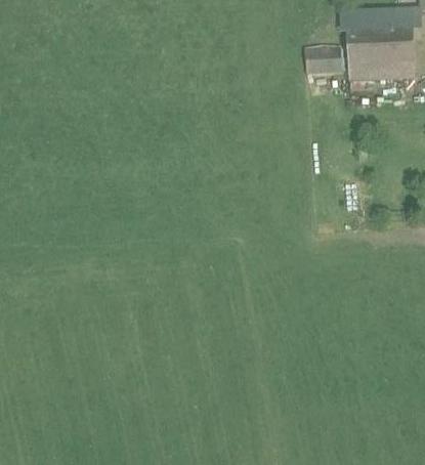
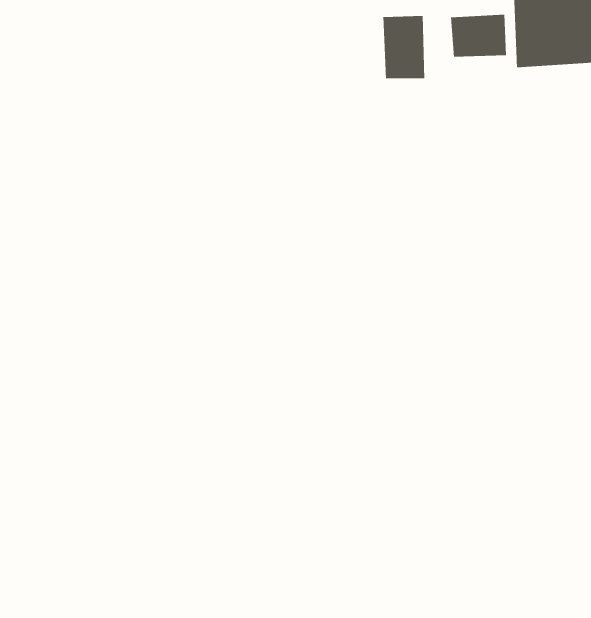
building: none -> [383,15,425,79]

